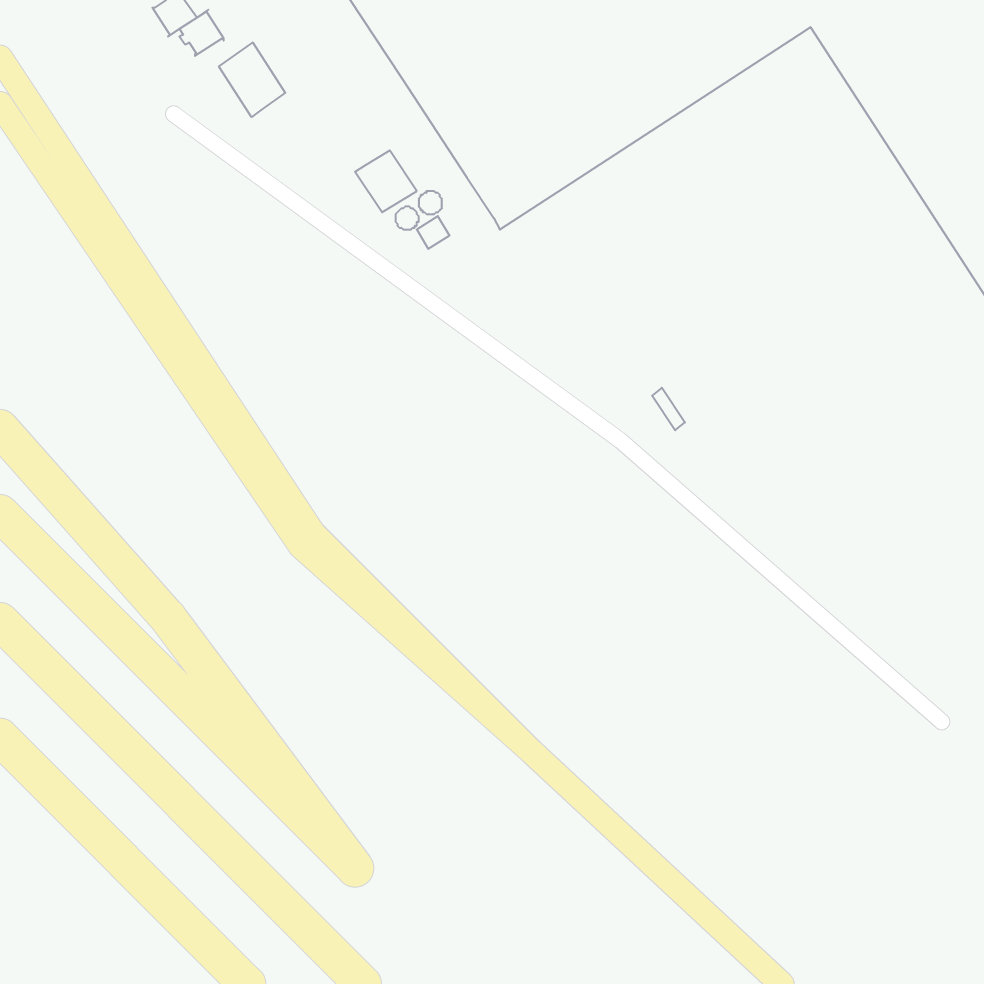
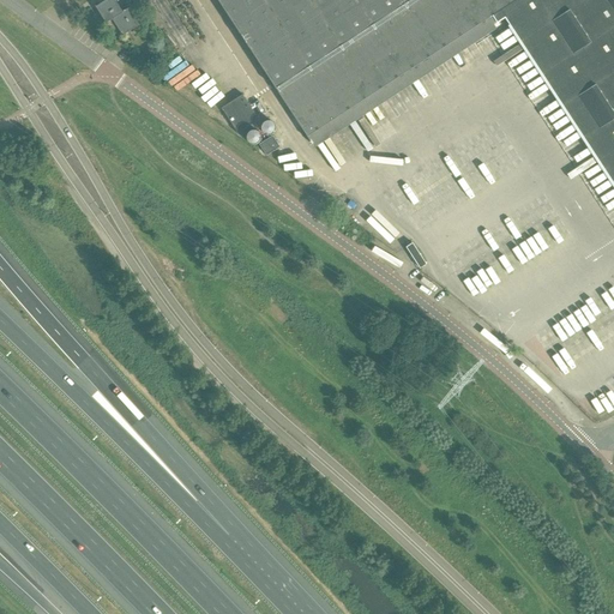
building: [219,42,285,117] -> none

